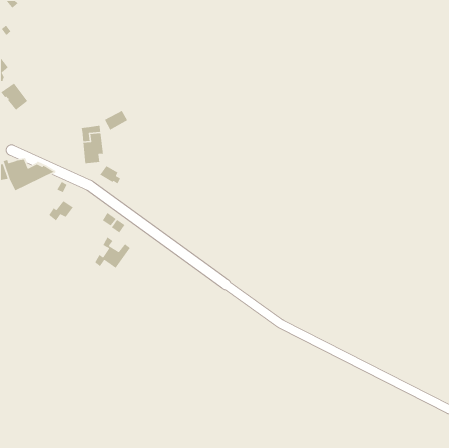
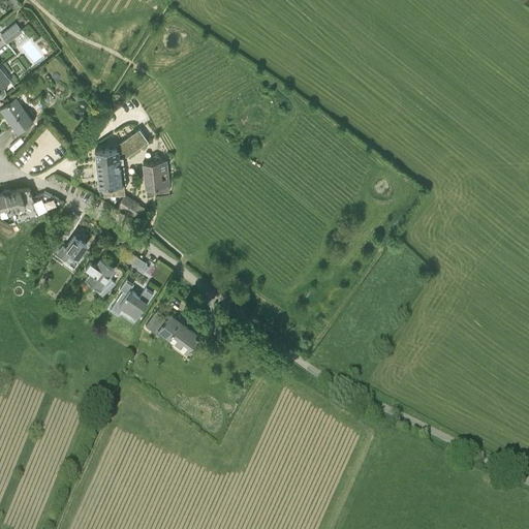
building: none -> [143,160,170,194]
building: none -> [86,260,115,294]
building: none -> [146,310,198,352]

